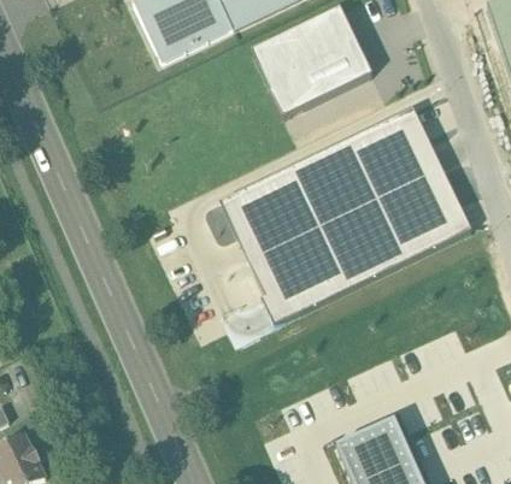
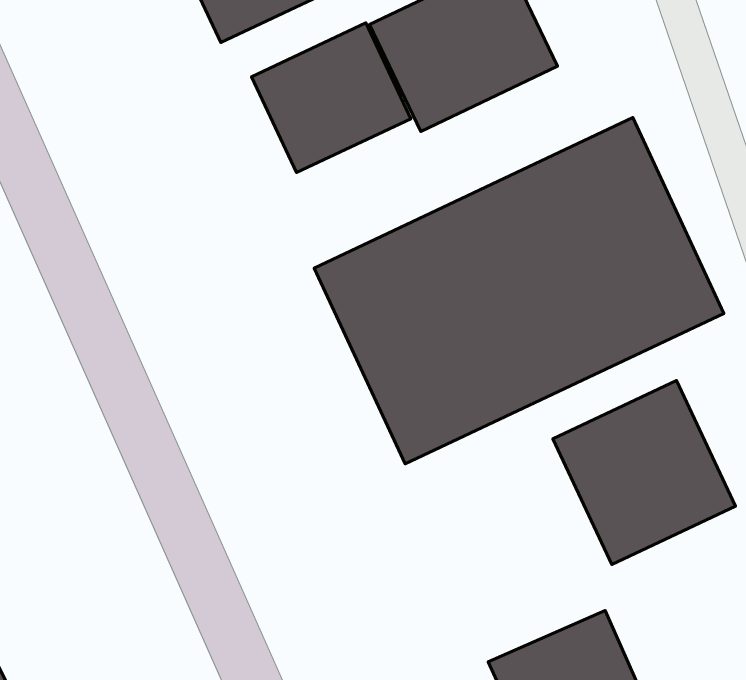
building: none -> [252,23,411,173]
building: none -> [553,381,736,565]

